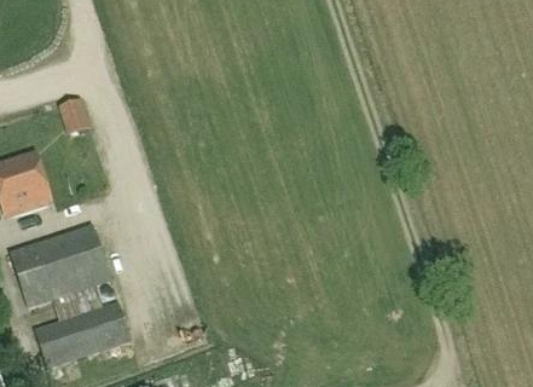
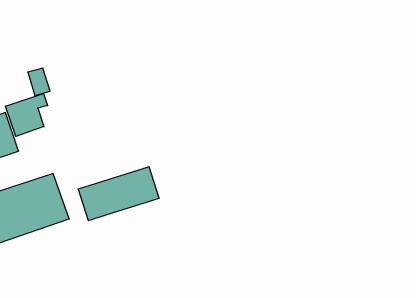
building: none -> [5,94,48,136]
building: [34,304,131,368] -> [78,167,159,220]

